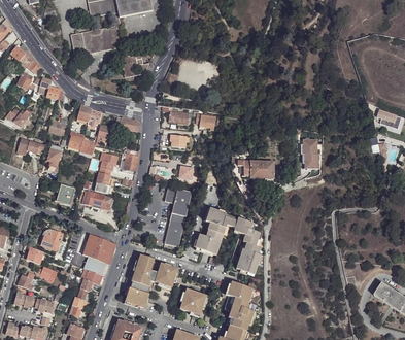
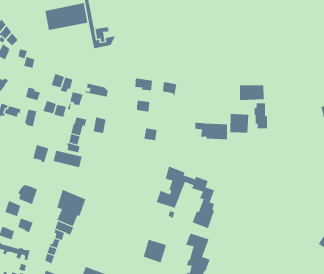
building: none -> [239,85,264,101]
building: none -> [230,113,249,134]
building: [163,185,192,246] -> none
building: [125,256,178,309] -> none

